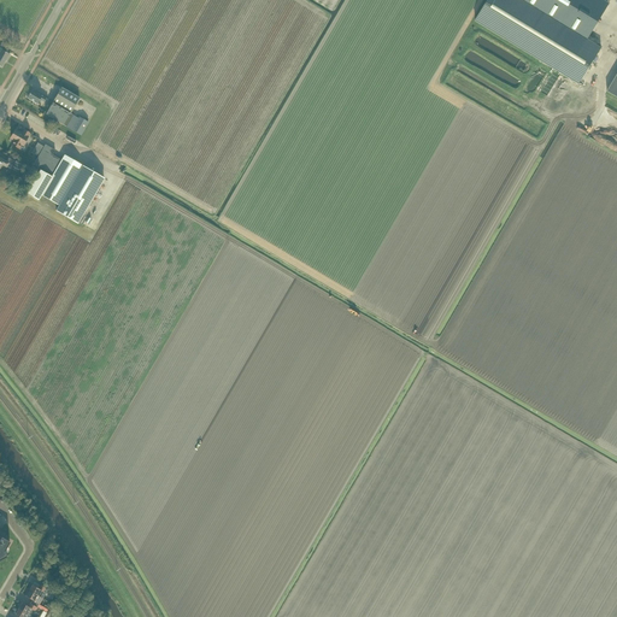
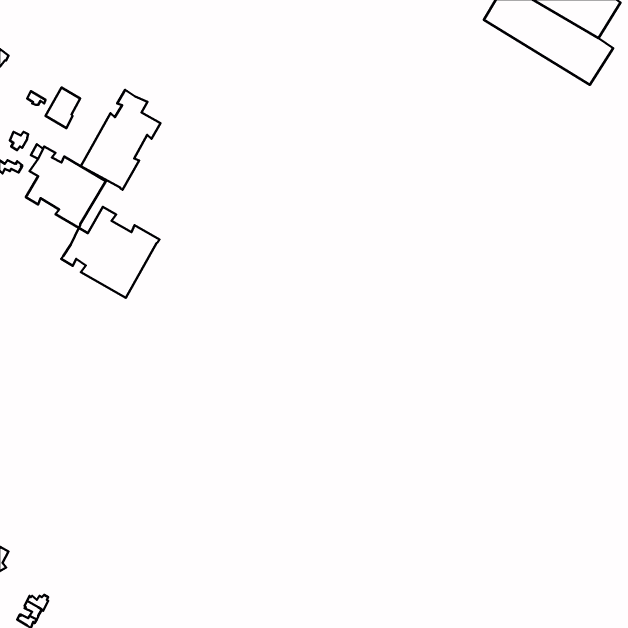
building: none -> [81,90,160,190]
building: none -> [61,207,160,298]

